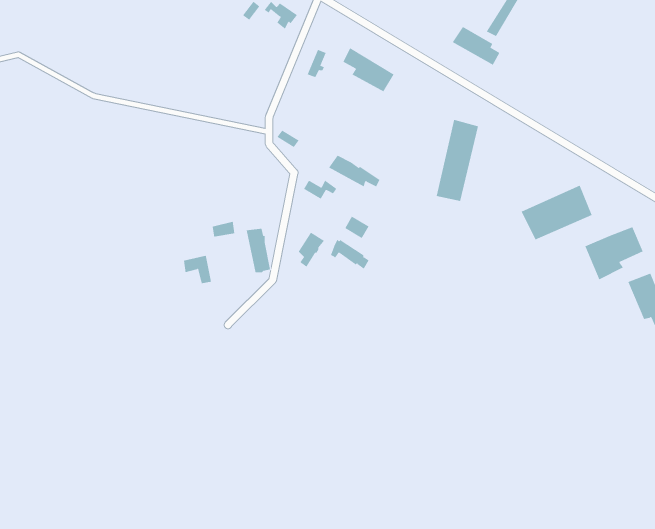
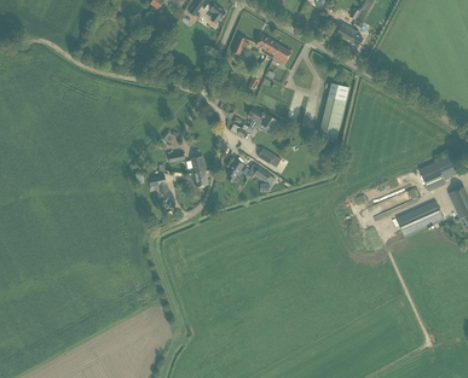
building: [521,185,593,240] -> [395,198,444,235]

